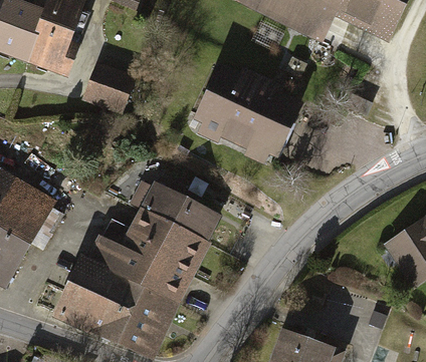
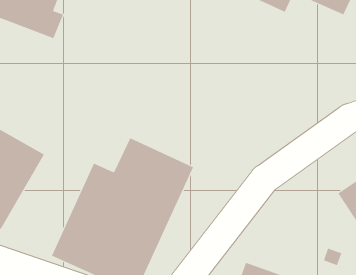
building: [84,61,137,110] -> none
building: [195,64,306,159] -> none

